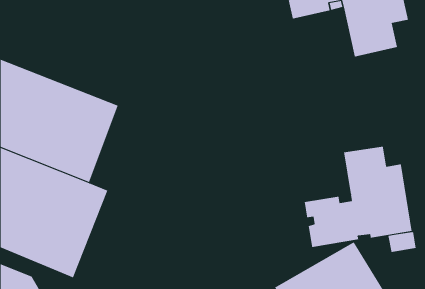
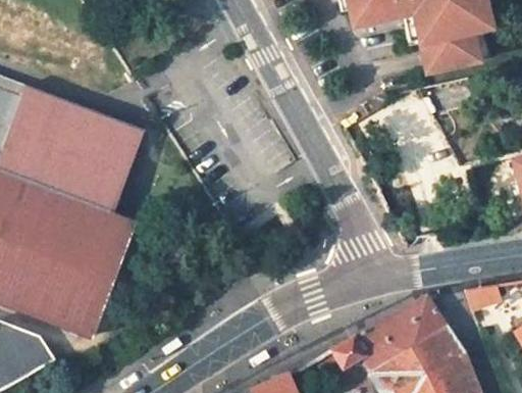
building: [304,146,412,248] -> none

